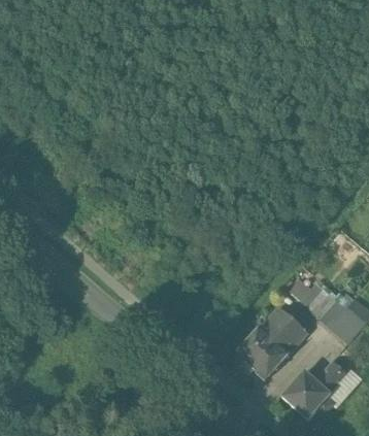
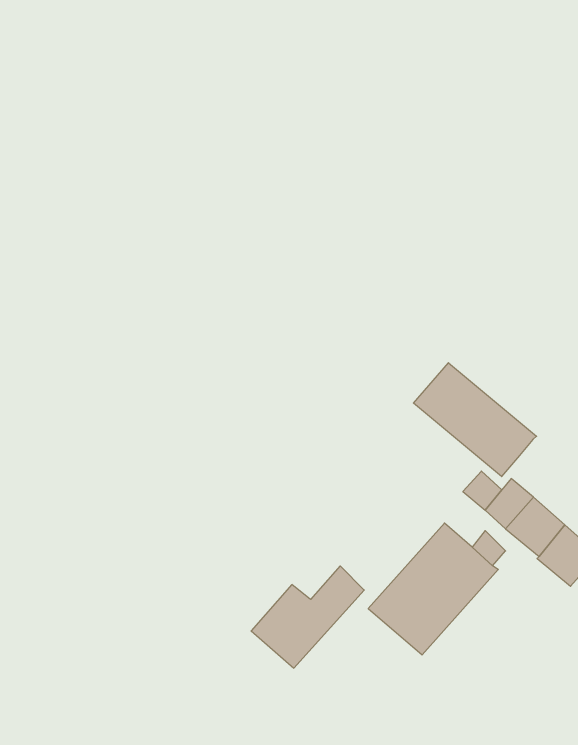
building: none -> [413,363,537,477]
building: [282,361,345,417] -> [251,566,364,668]

